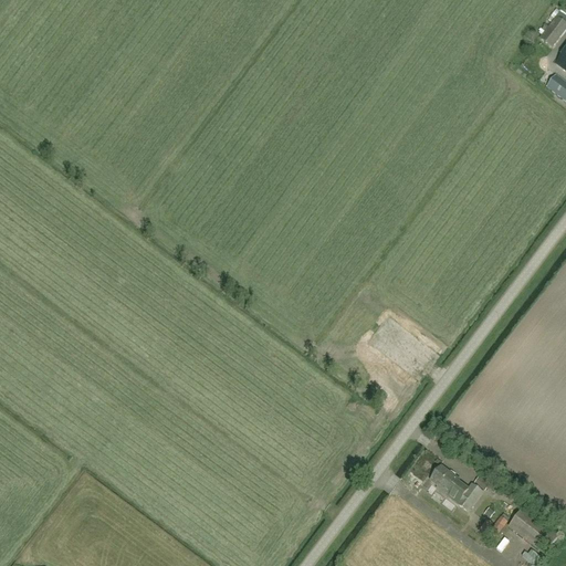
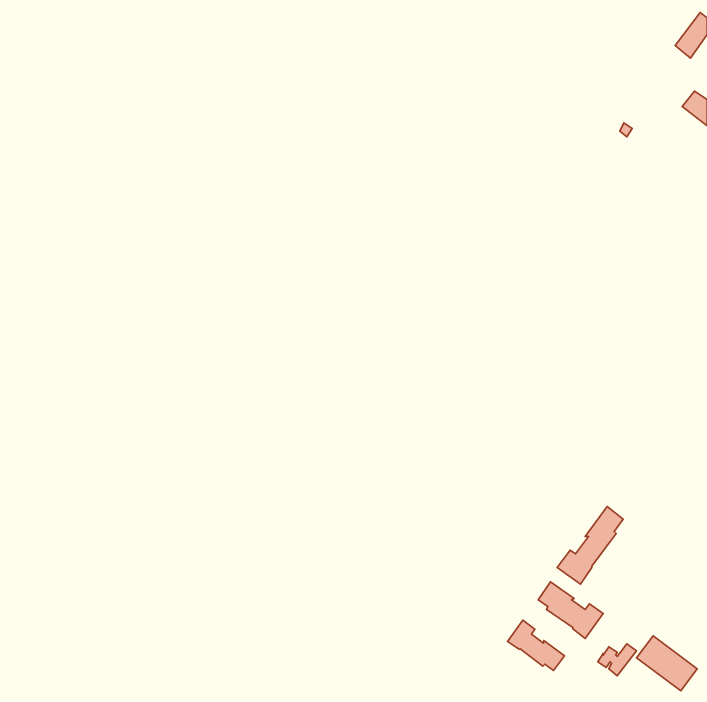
building: none -> [557,507,623,584]
building: none -> [507,620,565,671]

